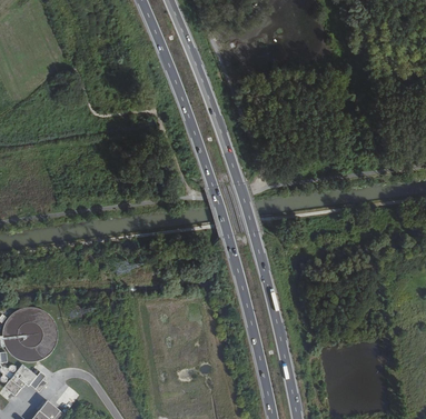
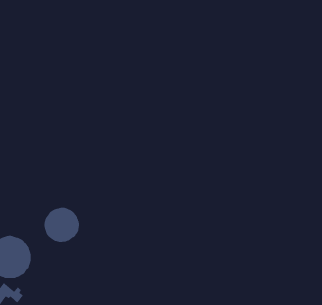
building: none -> [44,207,80,243]

